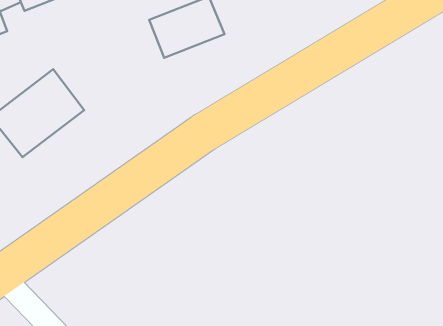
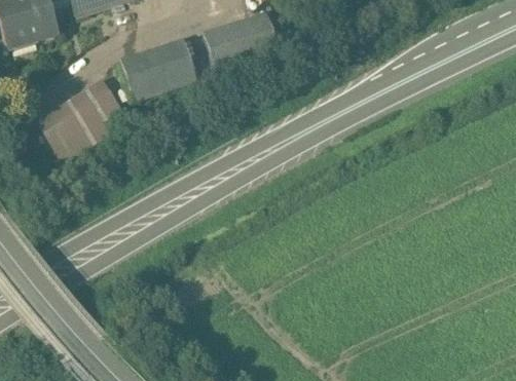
building: none -> [123,40,198,100]

